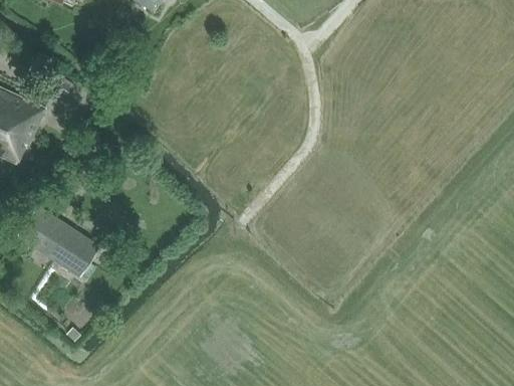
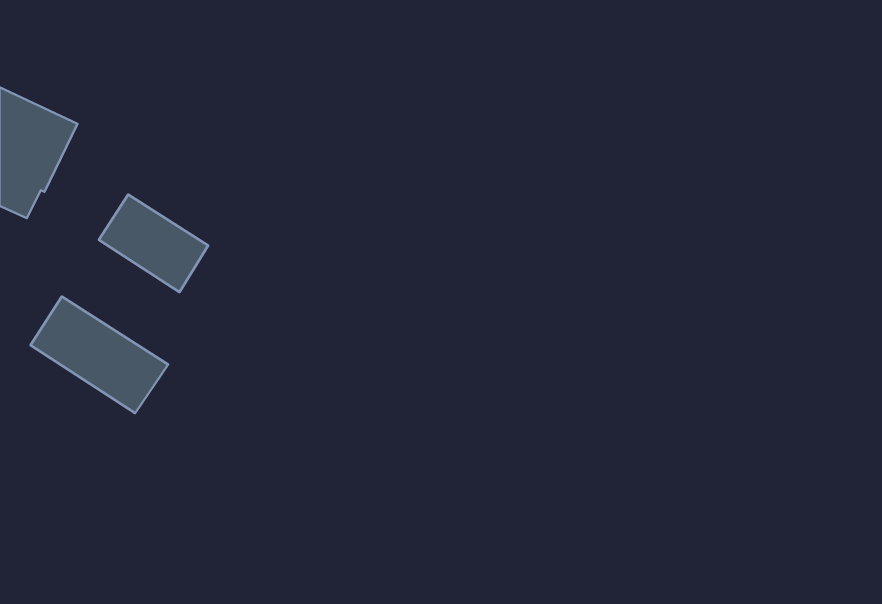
building: none -> [99,195,208,292]

